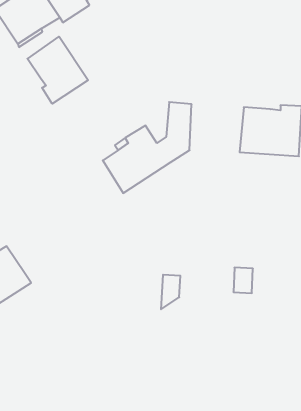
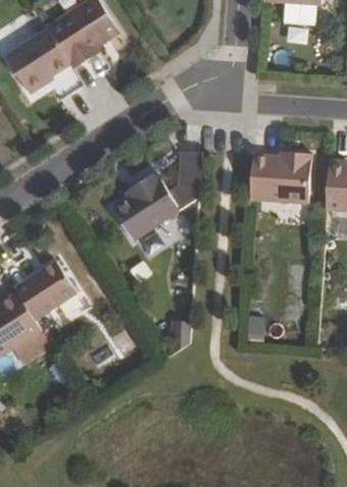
building: [27,37,88,104] -> none
building: none -> [14,262,77,321]

